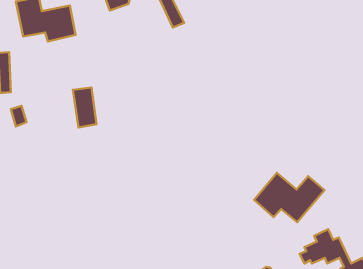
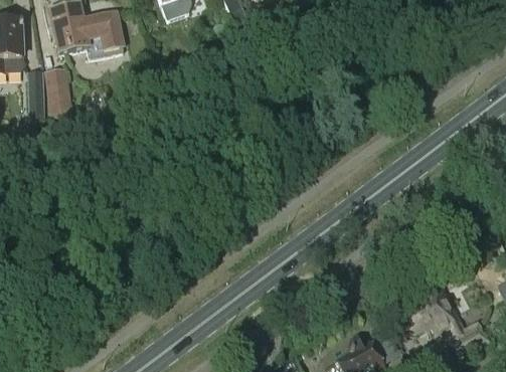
building: [73,87,96,127] -> [45,64,74,114]
building: [254,173,324,222] -> none

